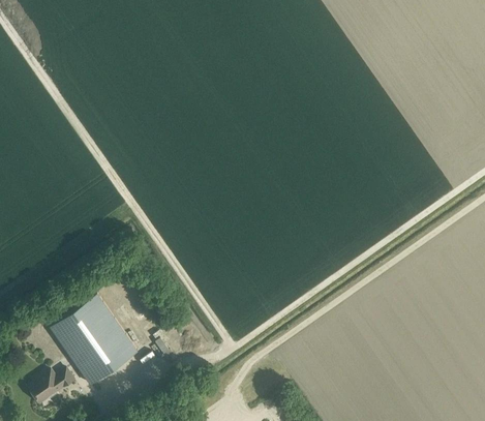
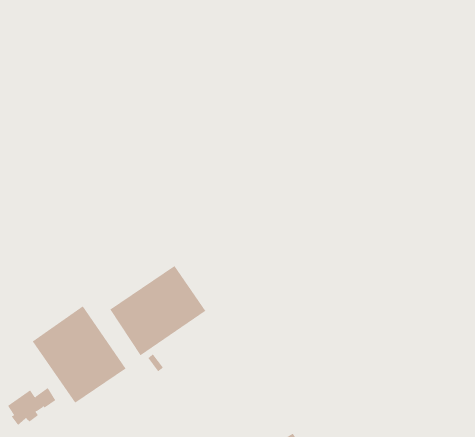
building: none -> [109,265,206,356]

